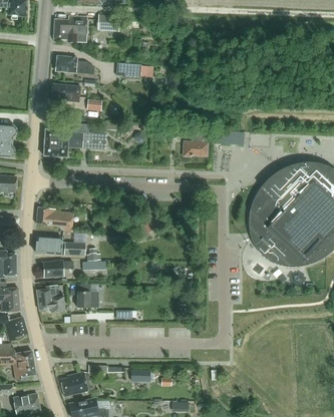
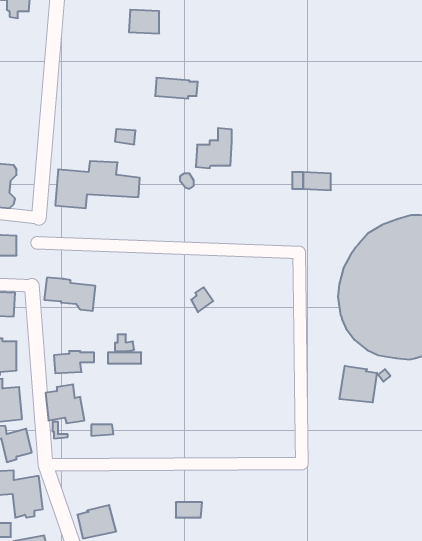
building: [54,16,87,43] -> none
building: [55,55,94,74] -> none
building: [52,85,79,101] -> none
building: [182,128,208,157] -> [196,128,232,168]
building: [35,237,85,256] -> none
building: none -> [339,366,377,403]
building: [70,290,98,308] -> none

